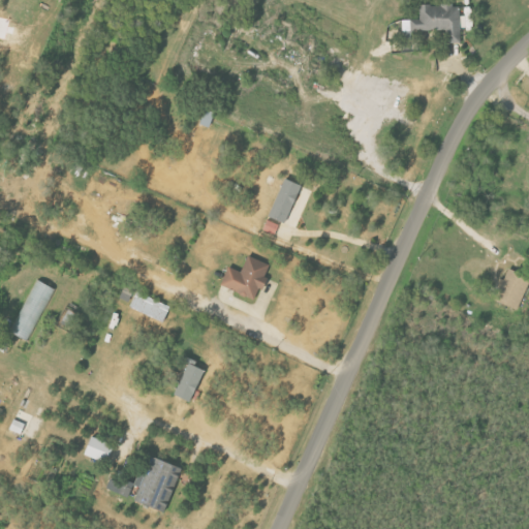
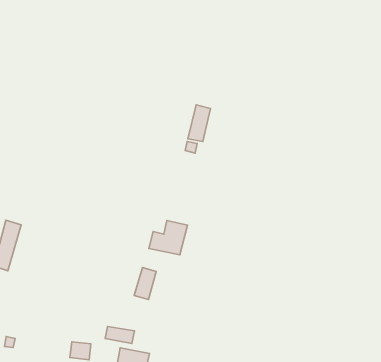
building: [220,255,271,299] -> [149,221,187,255]
building: [129,291,169,321] -> none
building: none -> [105,326,134,344]

